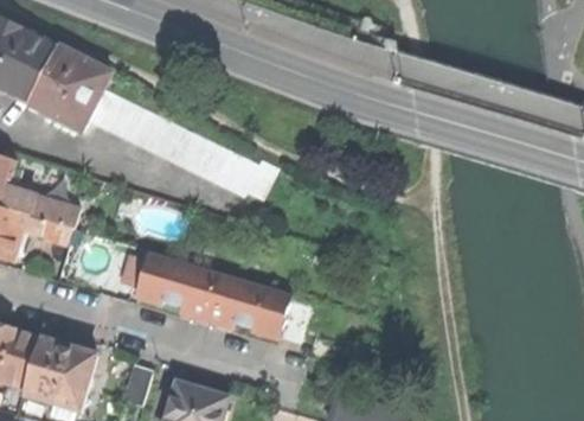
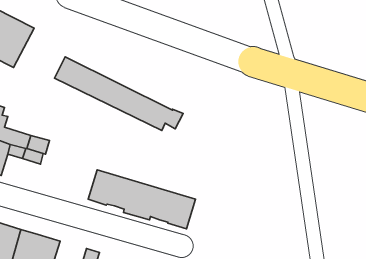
building: [27,46,110,129] -> none

